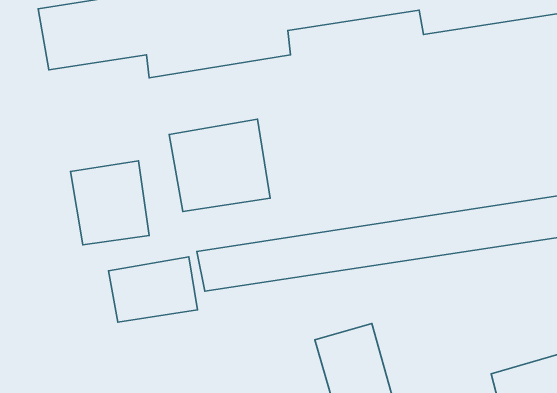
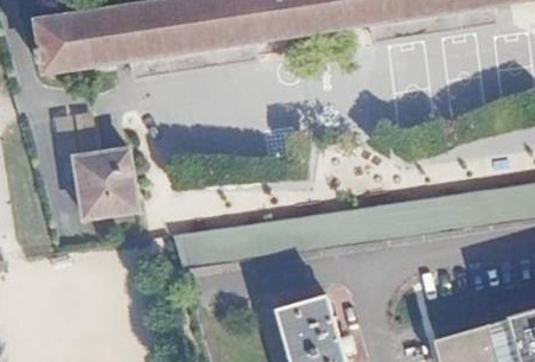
building: [169,119,270,212] -> none
building: [108,257,197,322] -> none

